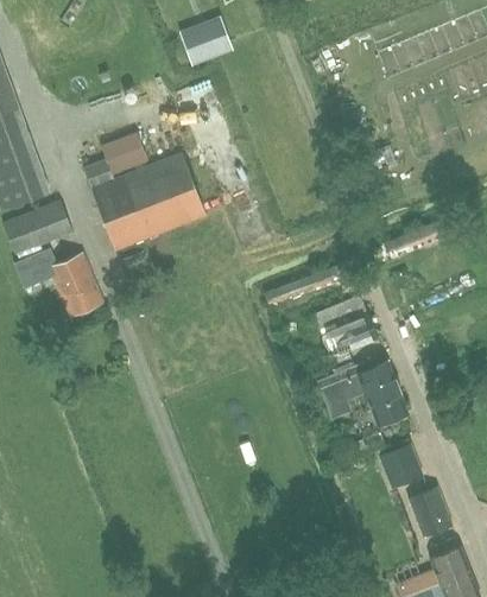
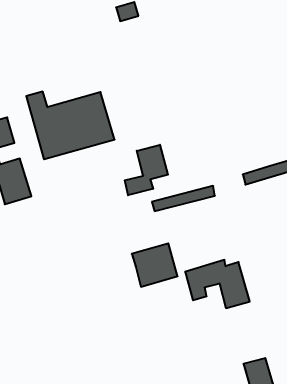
building: [101,131,148,173] -> none
building: none -> [125,145,168,195]
building: [314,294,378,356] -> [132,243,178,287]
building: [380,443,423,485] -> none

